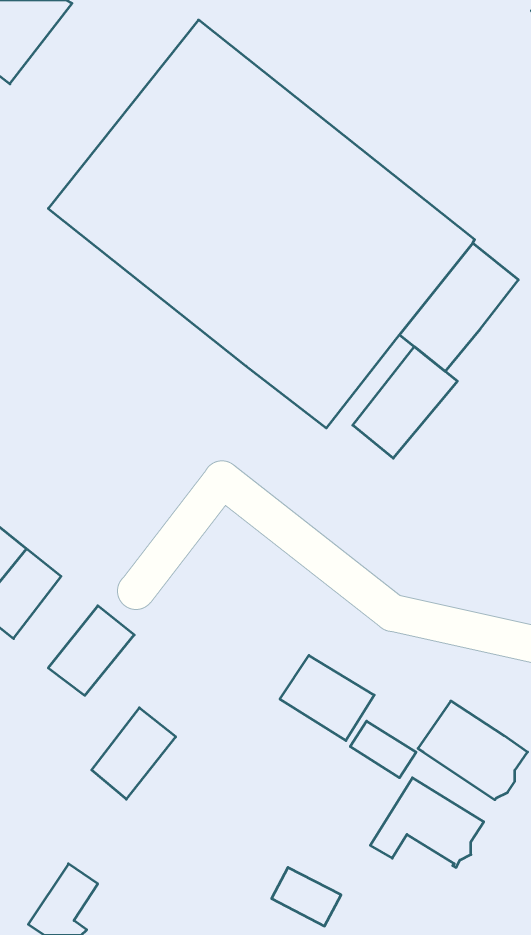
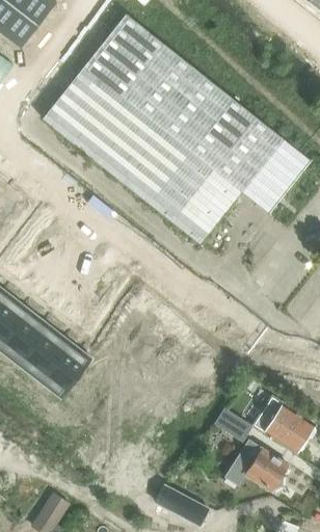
building: [353,347,457,458] -> none
building: [280,655,374,741] -> none
building: [92,708,176,799] -> [22,327,70,379]

